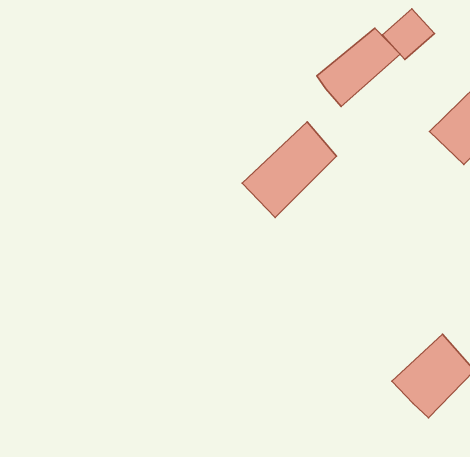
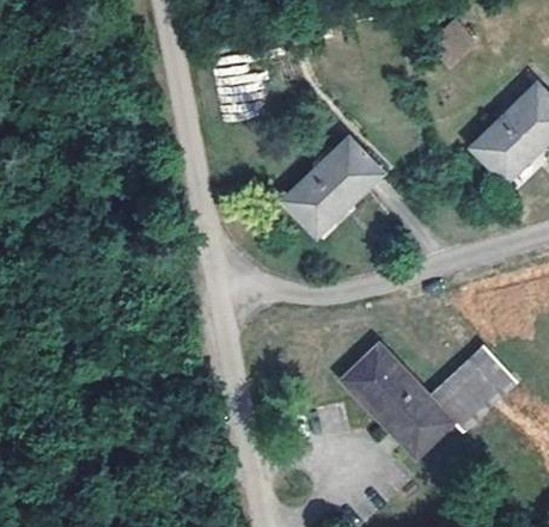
building: [317,28,400,106] -> none
building: none -> [338,339,456,459]

